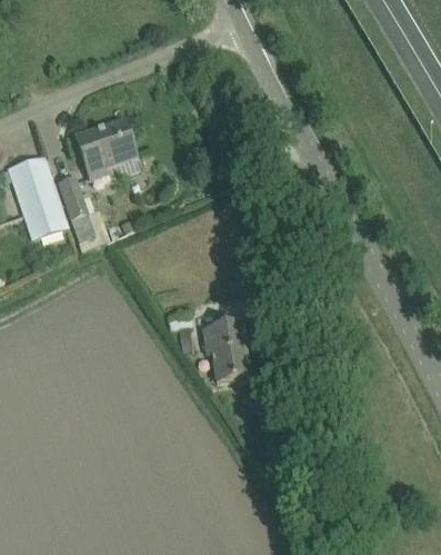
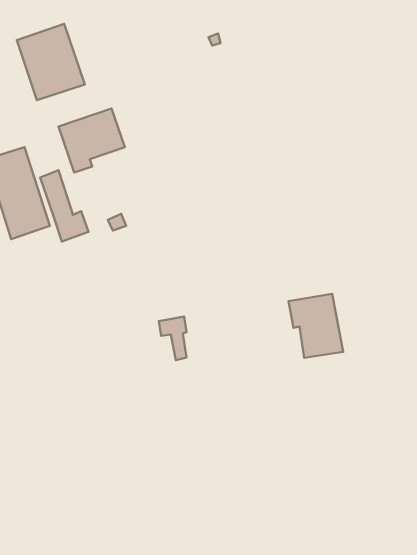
building: none -> [17,24,85,100]
building: [202,321,252,380] -> [289,294,343,358]

